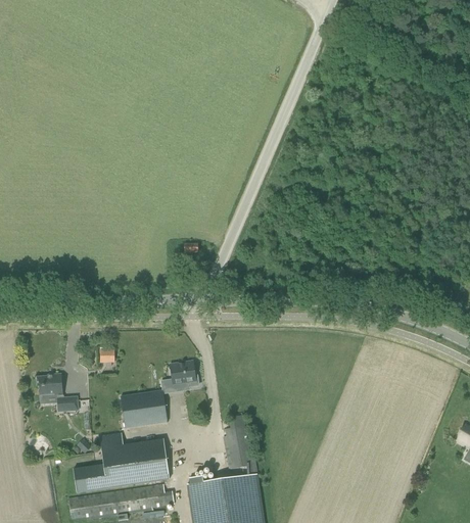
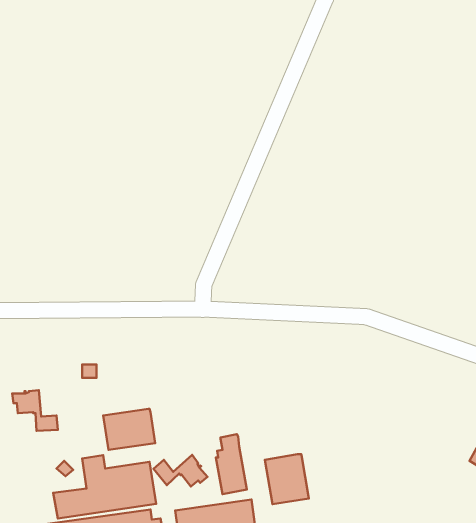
building: [170,362,198,388] -> none
building: none -> [265,454,309,504]
building: none -> [154,455,208,486]

